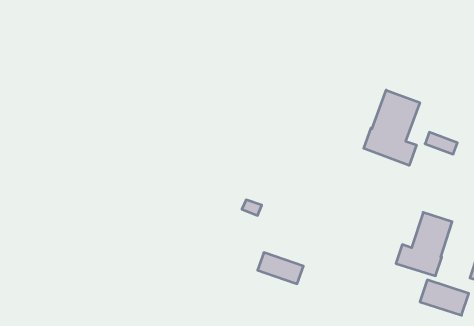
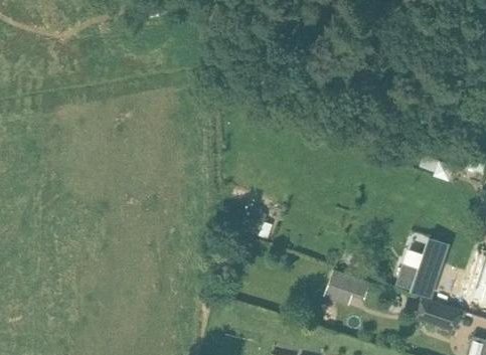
building: [364,90,420,165] -> none
building: [258,253,303,284] -> [328,270,372,300]

